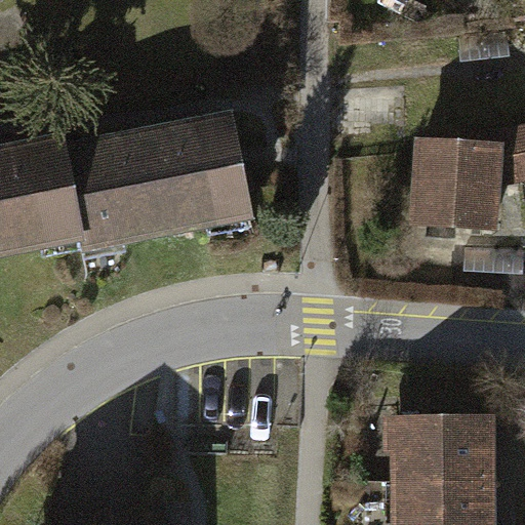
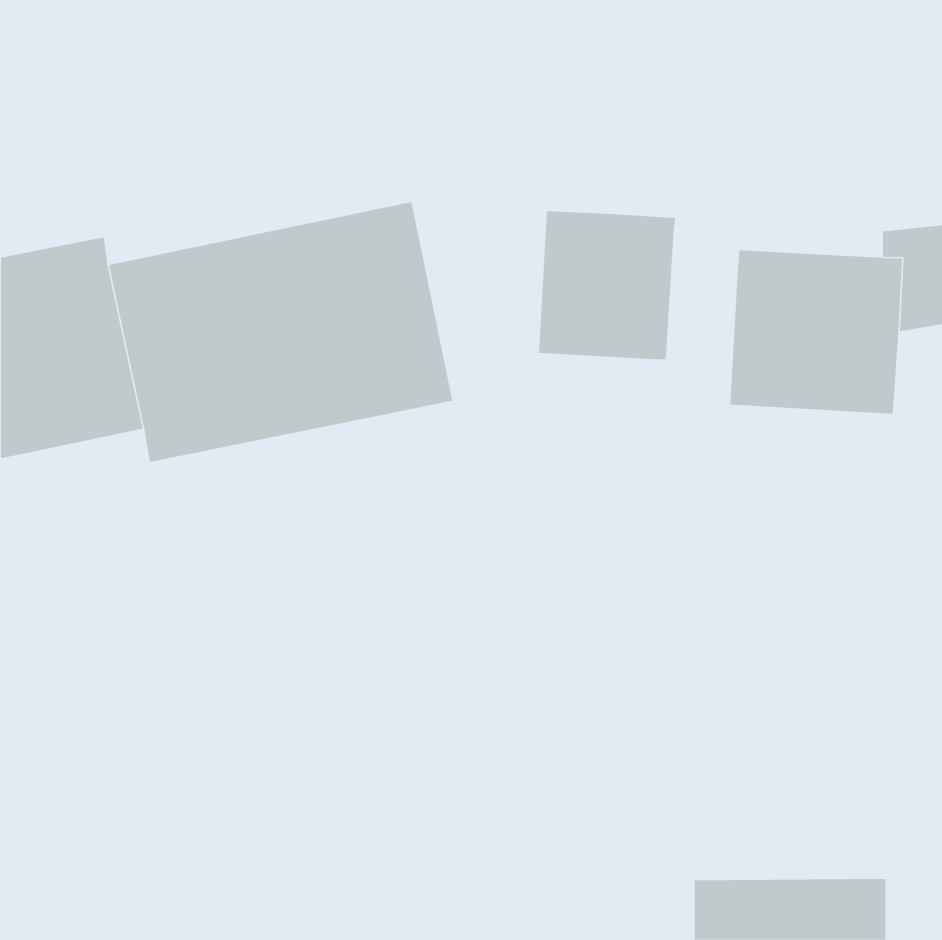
building: none -> [538,211,676,360]
building: [386,415,493,484] -> none

